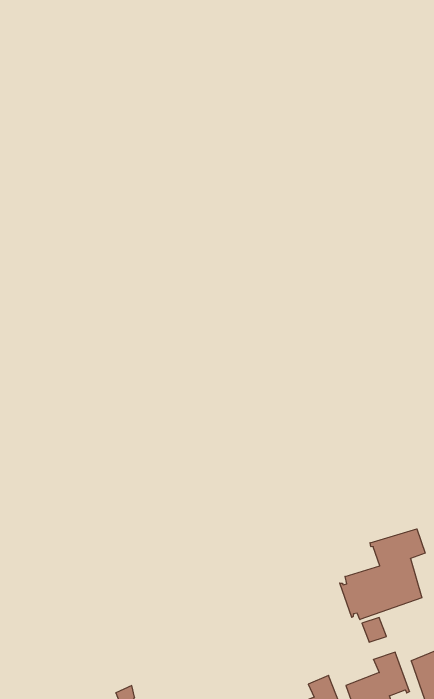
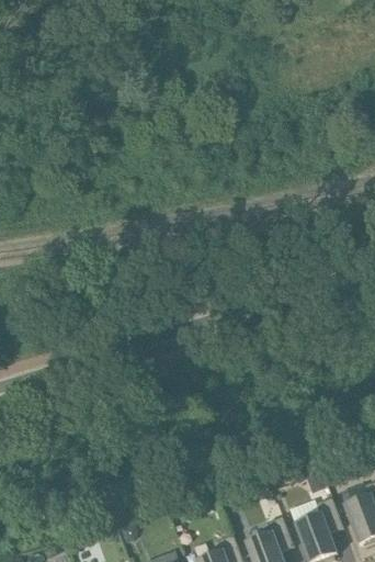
building: [340,529,425,620] -> none

